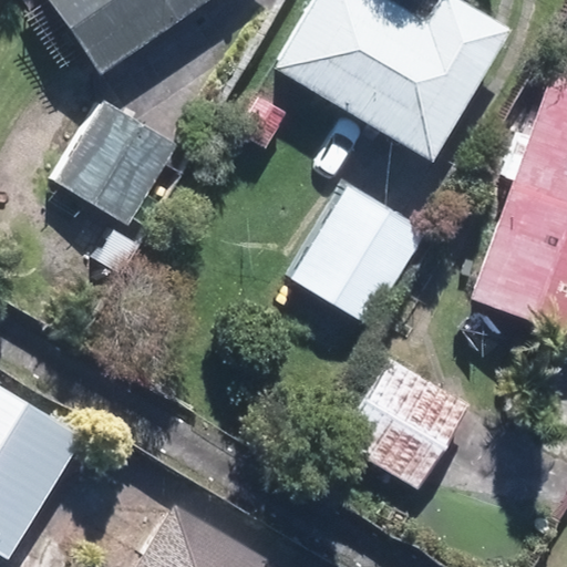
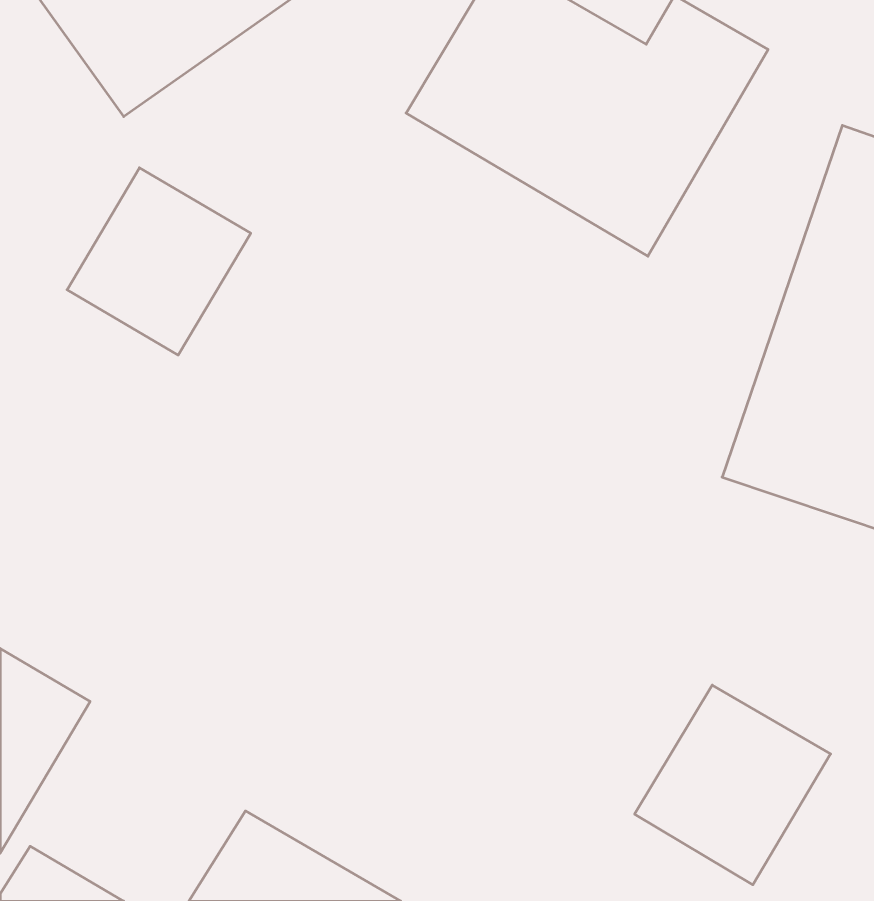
building: [299,192,420,317] -> none
building: [344,360,467,485] -> [635,685,831,885]

